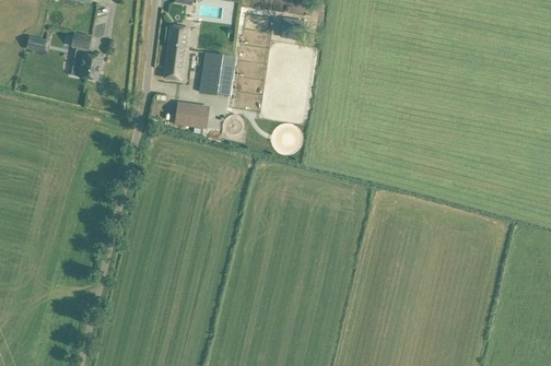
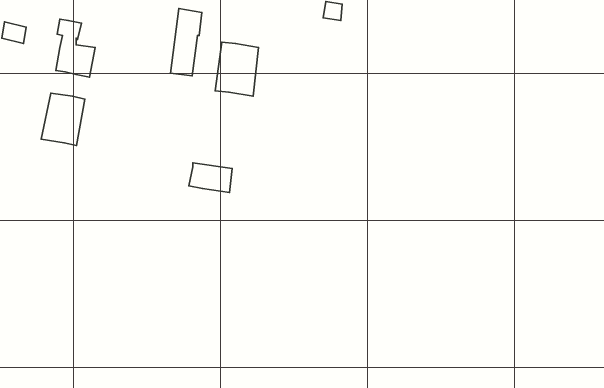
building: none -> [41,93,85,146]
building: [173,103,208,127] -> [189,163,232,193]

